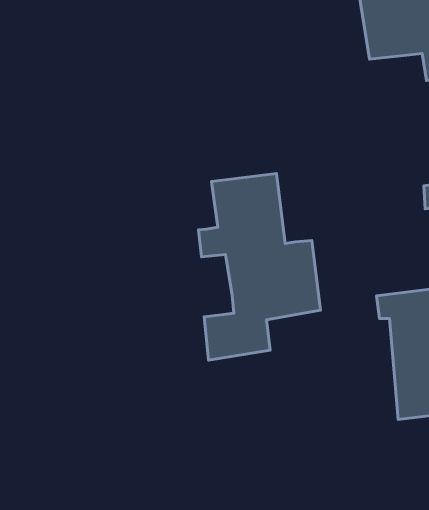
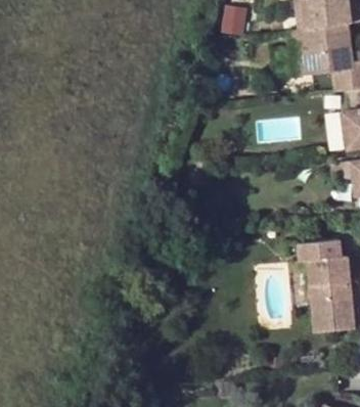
building: [199,173,320,360] -> none

